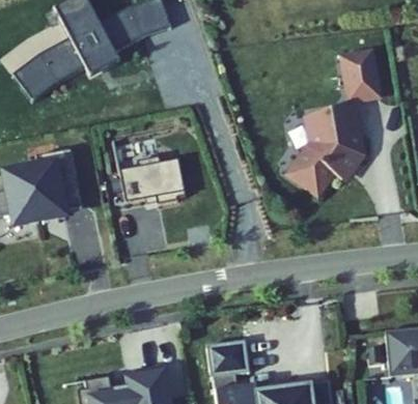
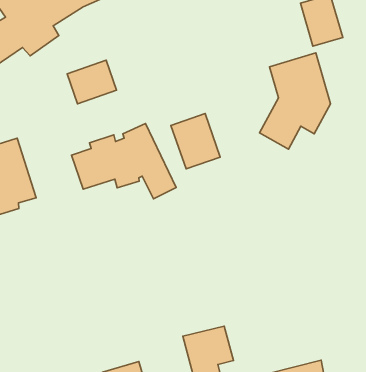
building: none -> [67,60,117,104]
building: none -> [171,114,220,169]

